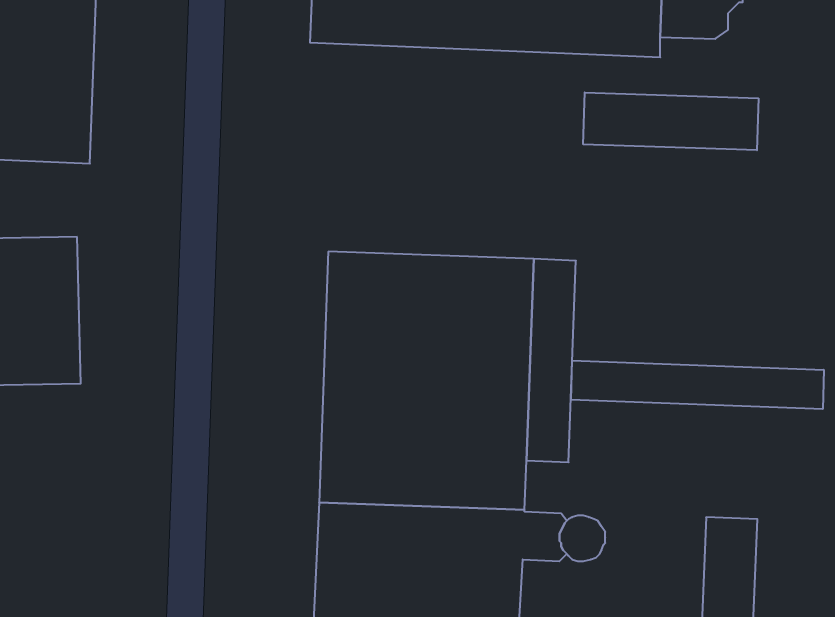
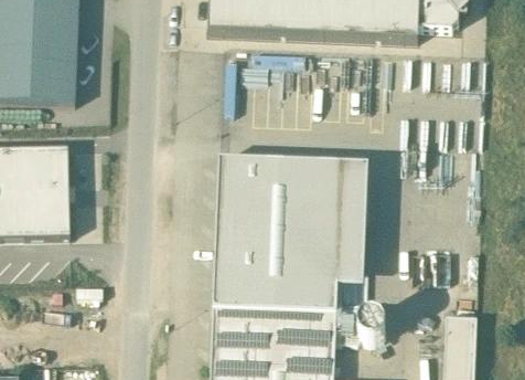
building: [583,92,758,150] -> none
building: [571,361,824,409] -> none

